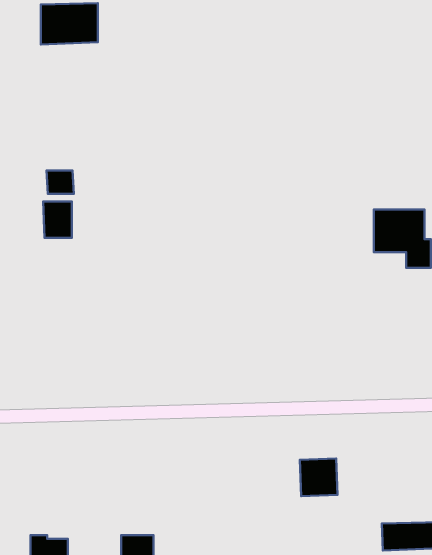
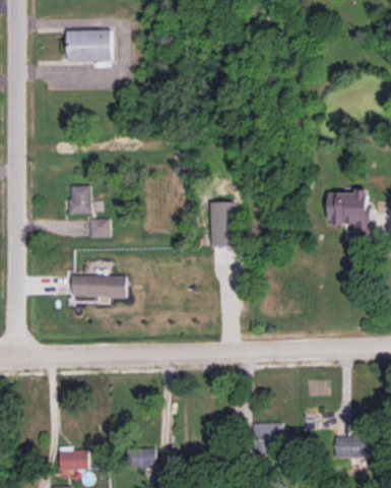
building: [46,170,74,194] -> [88,220,110,238]
building: none -> [209,203,236,247]
building: none -> [71,276,126,298]
building: [300,458,338,496] -> [252,424,281,453]

